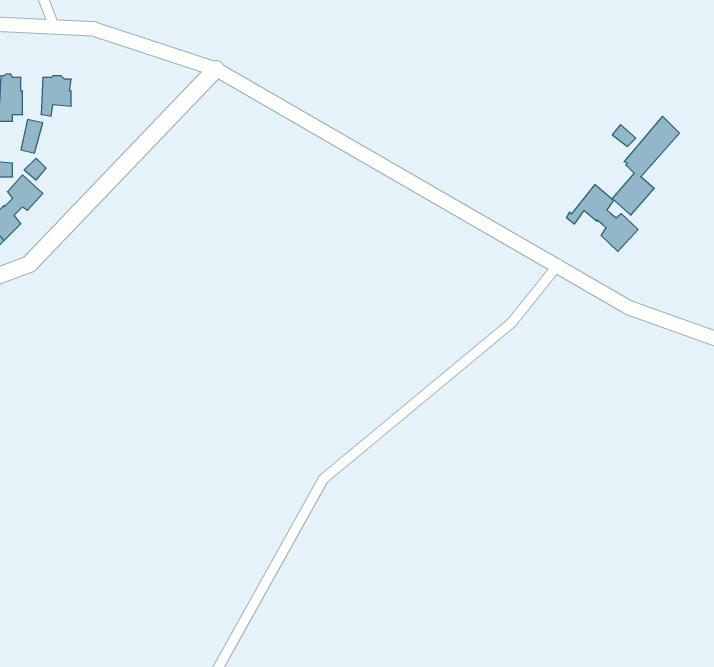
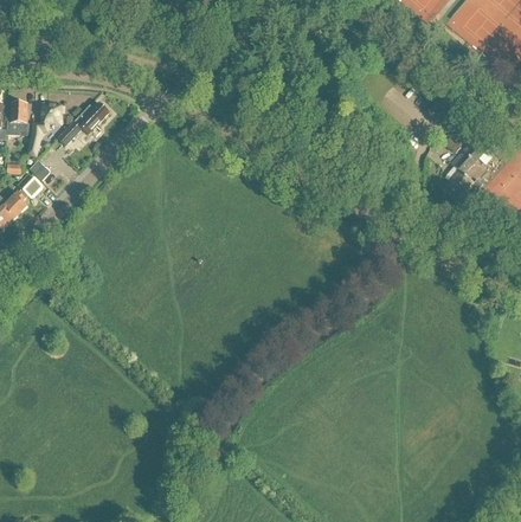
building: none -> [58,103,110,147]
building: [567,185,638,251] -> none

